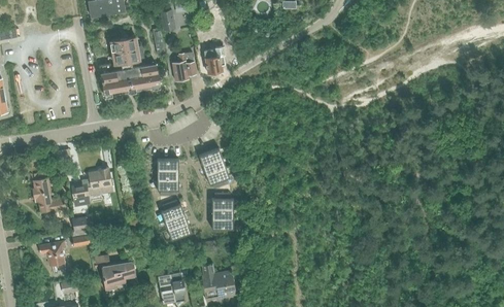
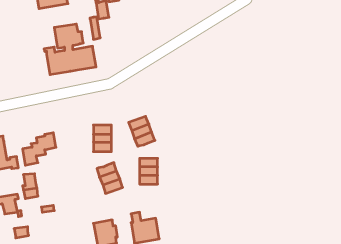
building: [204,46,225,73] -> none
building: [172,52,196,80] -> none
building: [101,261,136,288] -> none

